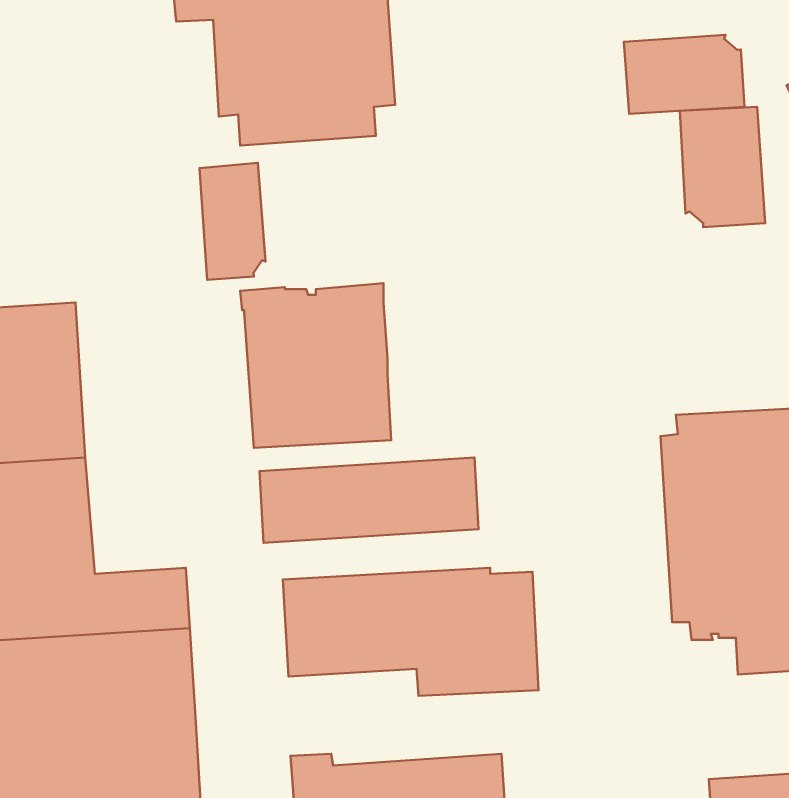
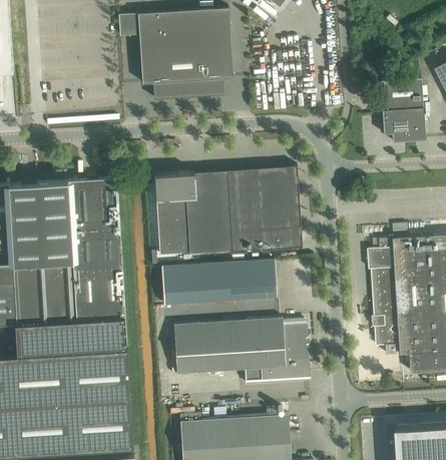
building: [624,35,745,114] -> none
building: [199,163,265,280] -> none
building: none -> [227,166,301,253]
building: none -> [67,178,124,321]

